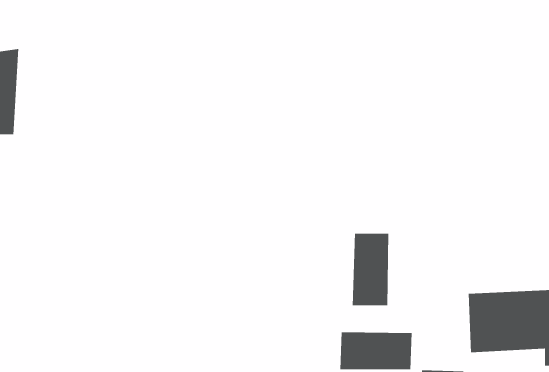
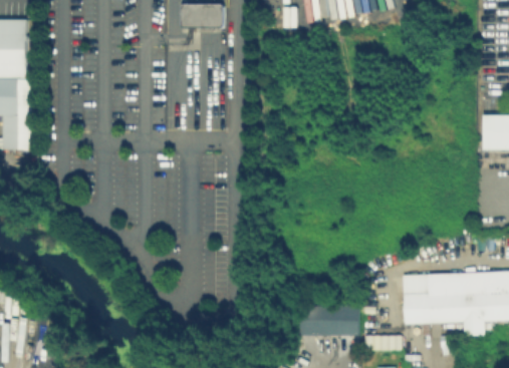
building: [352,233,389,306] -> none

